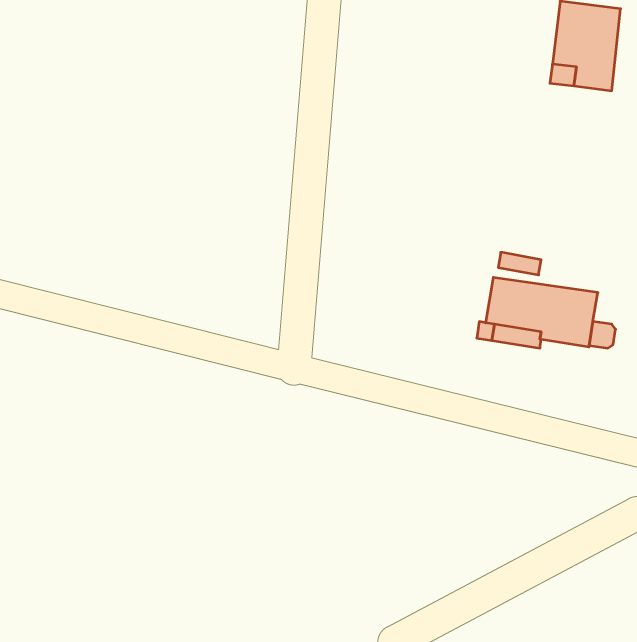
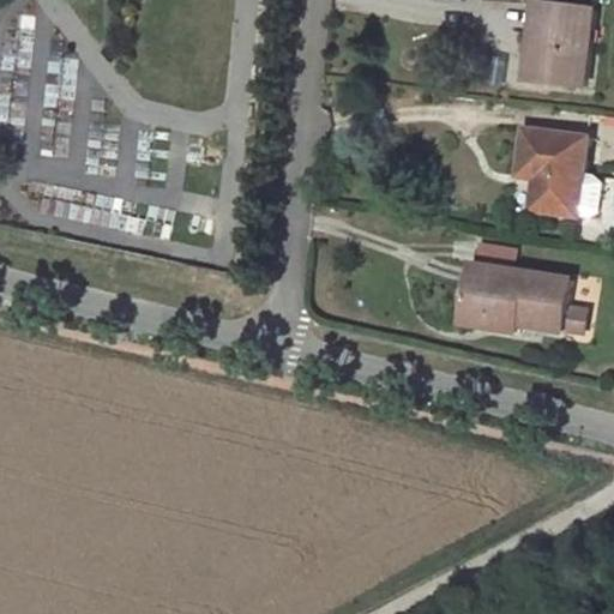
building: none -> [514,127,601,217]

